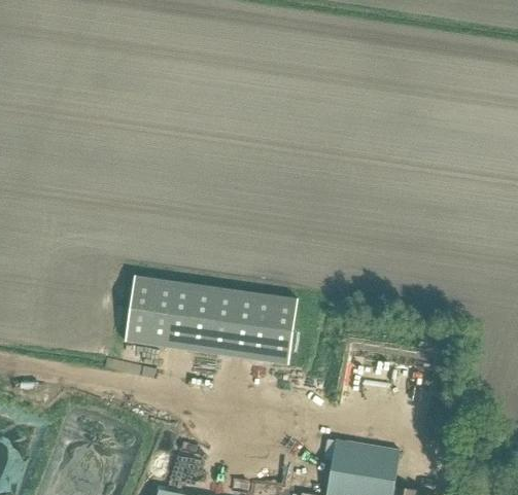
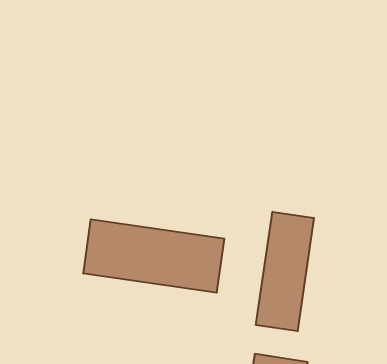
building: none -> [256,212,314,331]

